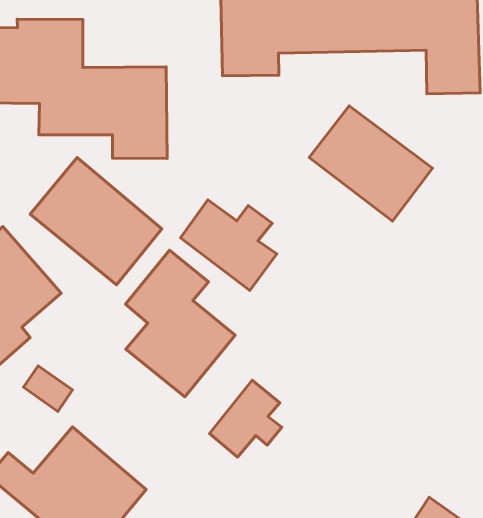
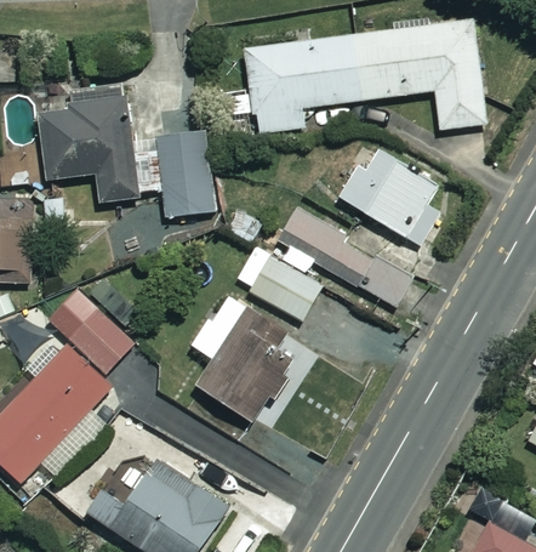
building: [30,158,162,285] -> none
building: none -> [280,206,415,303]
building: [209,380,282,457] -> none

